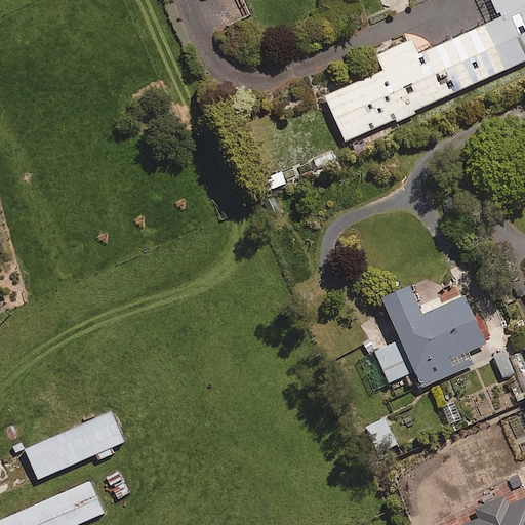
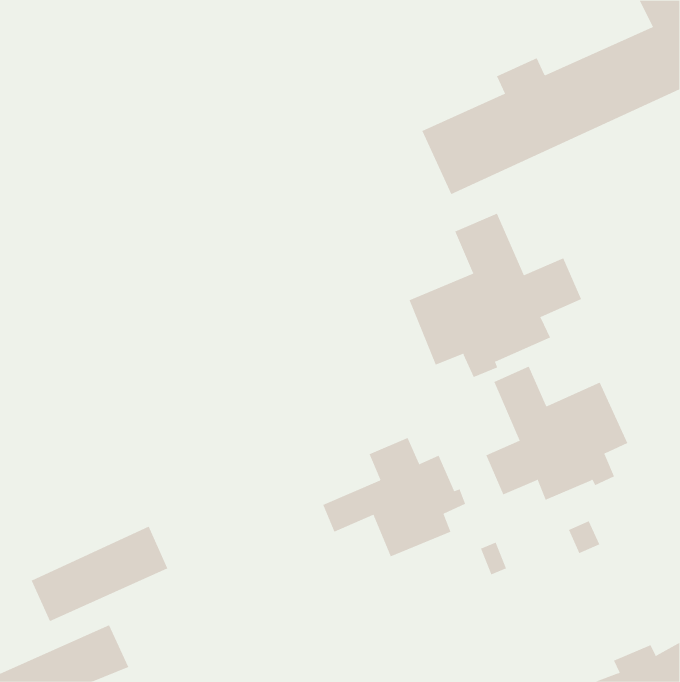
building: none -> [409,213,582,378]
building: none -> [323,437,466,557]

